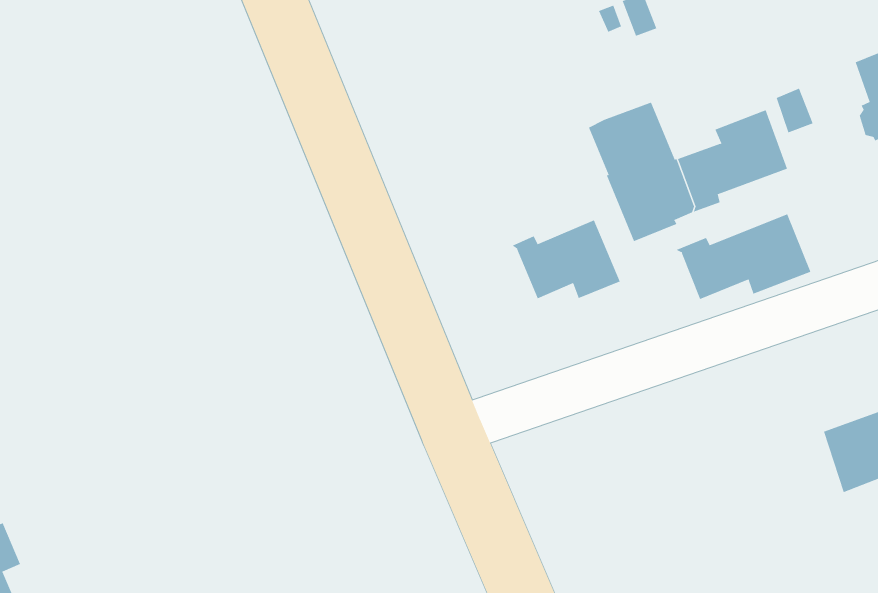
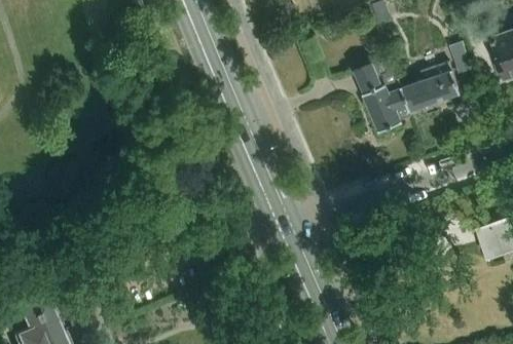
building: [675,214,811,300] -> none
building: [512,219,621,299] -> none

